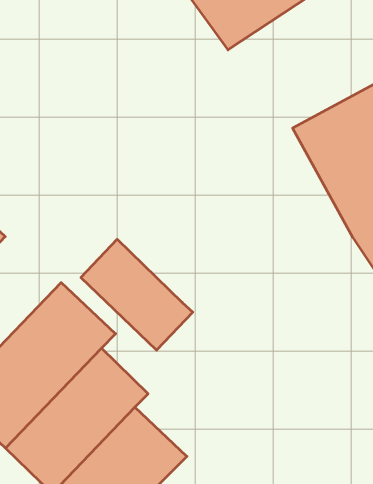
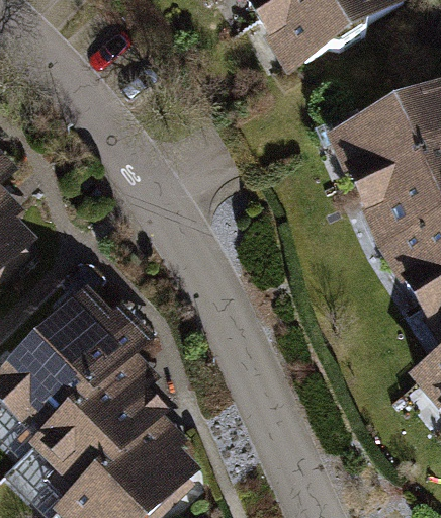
building: [81,239,193,350] -> none

